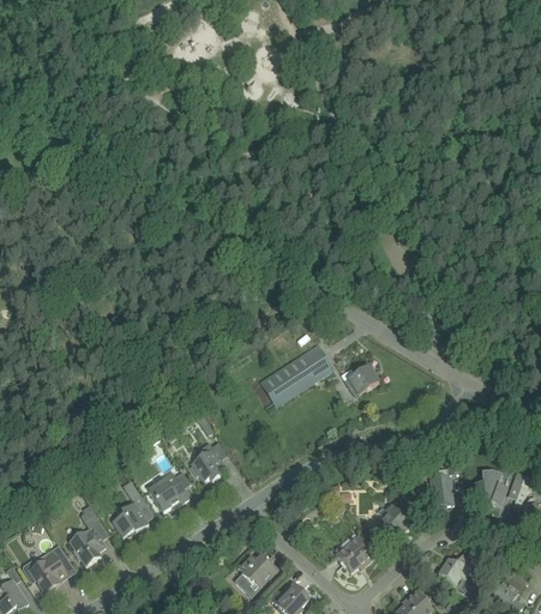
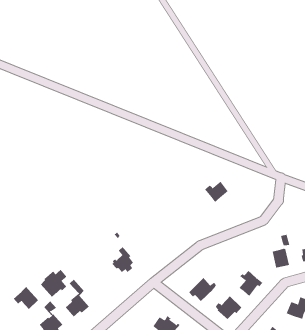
building: [262,344,333,407] -> none
building: [149,470,191,511] -> [40,269,67,298]
building: none -> [13,286,39,310]
building: none -> [189,277,216,302]

